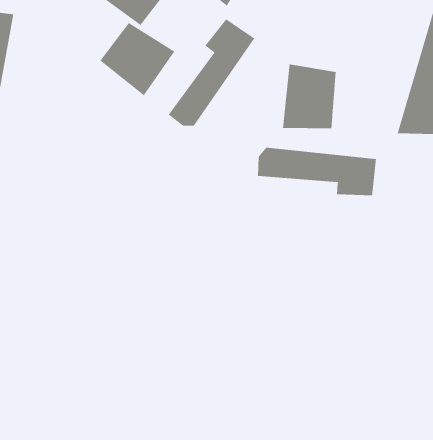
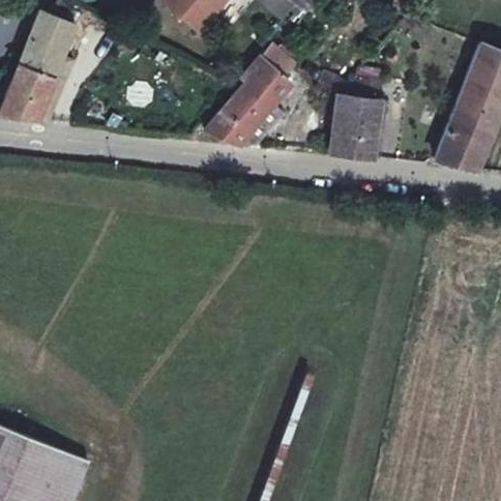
building: [100,22,175,96] -> none
building: [257,147,377,196] -> none

